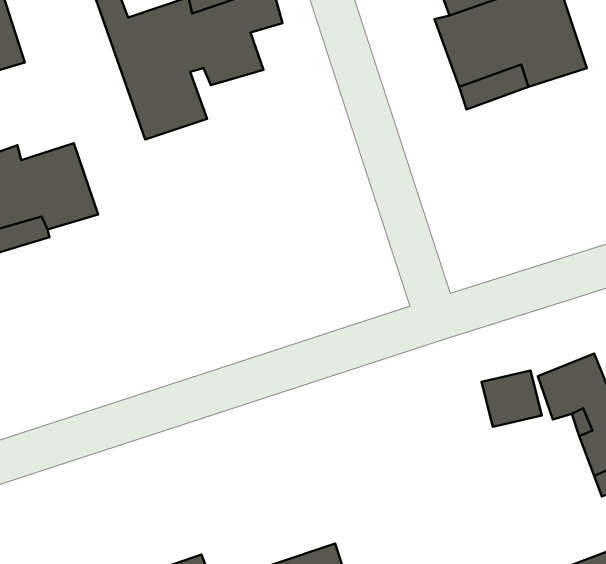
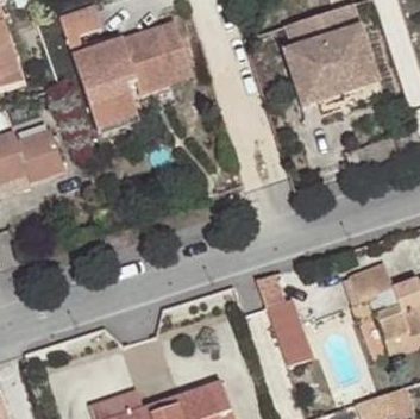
building: none -> [256,276,311,363]

